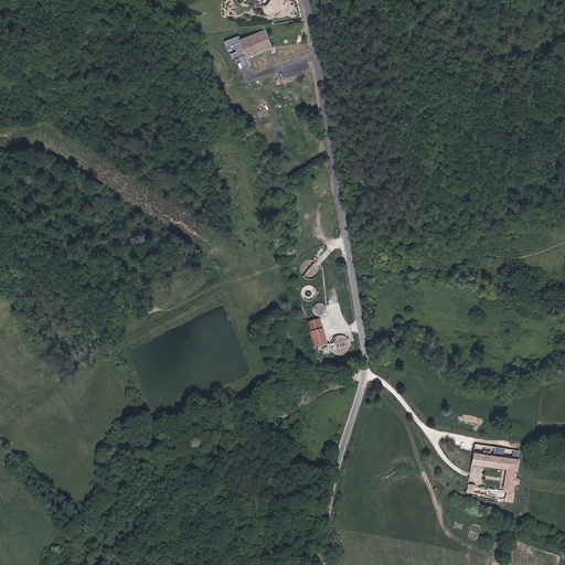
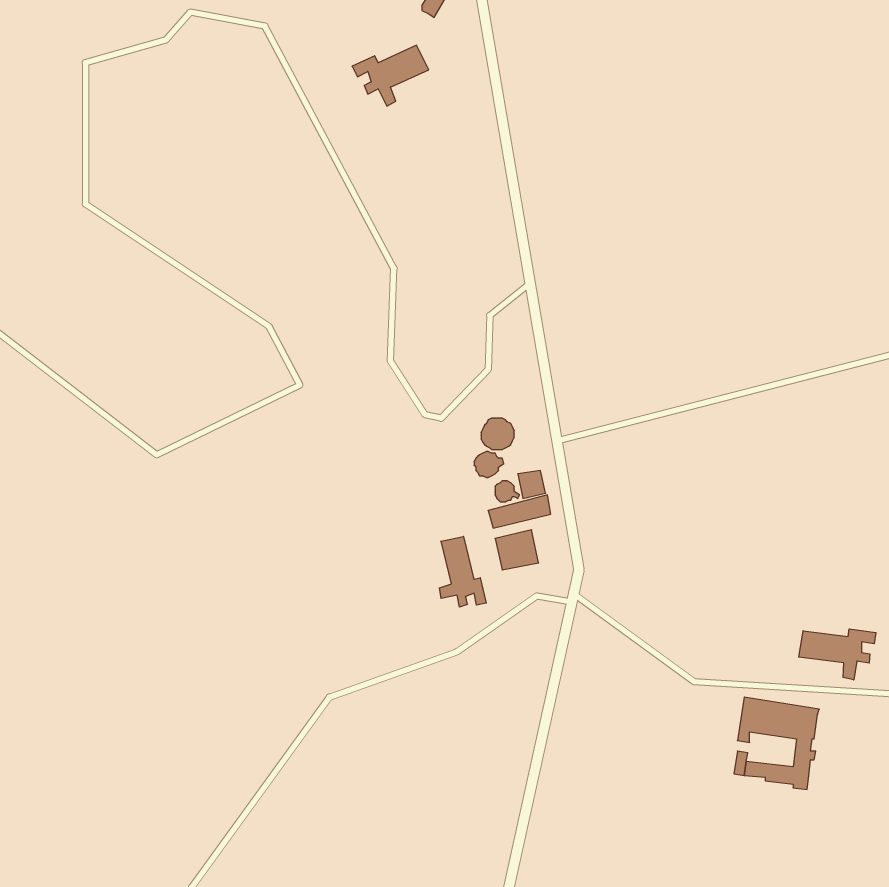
building: none -> [440,536,486,607]
building: none -> [799,629,876,680]

